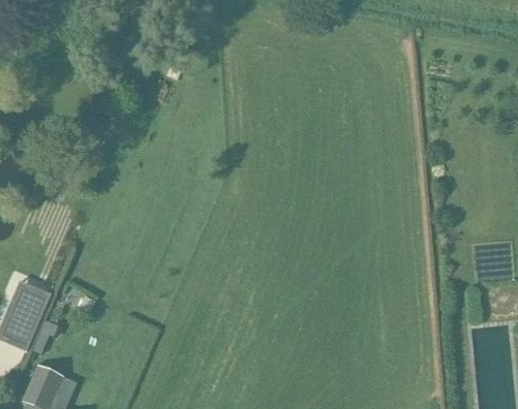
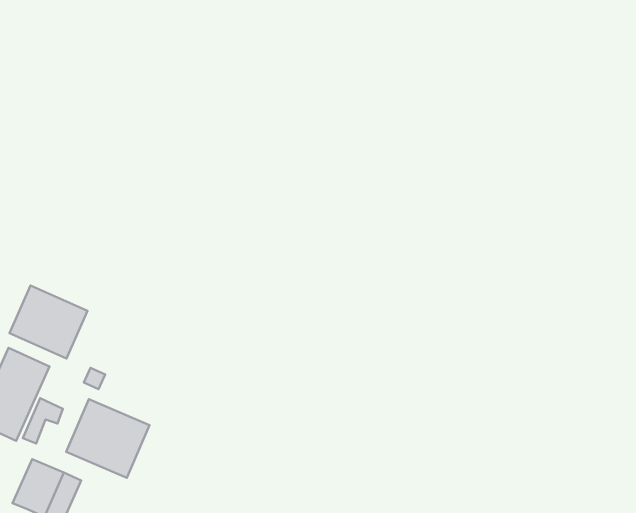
building: none -> [10,286,87,359]
building: none -> [66,399,150,478]

